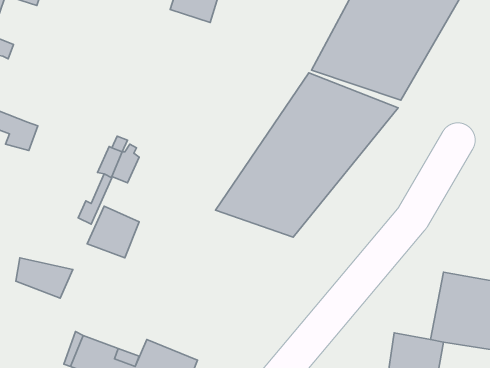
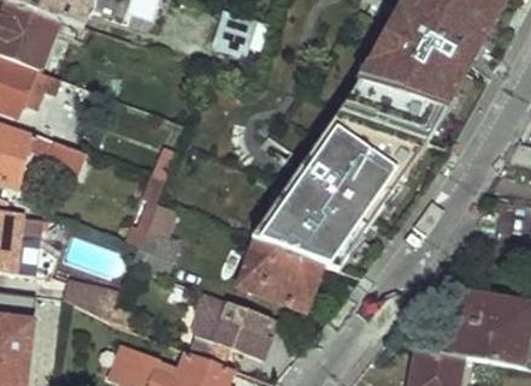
building: none -> [238,242,323,311]
building: none -> [191,295,281,361]

